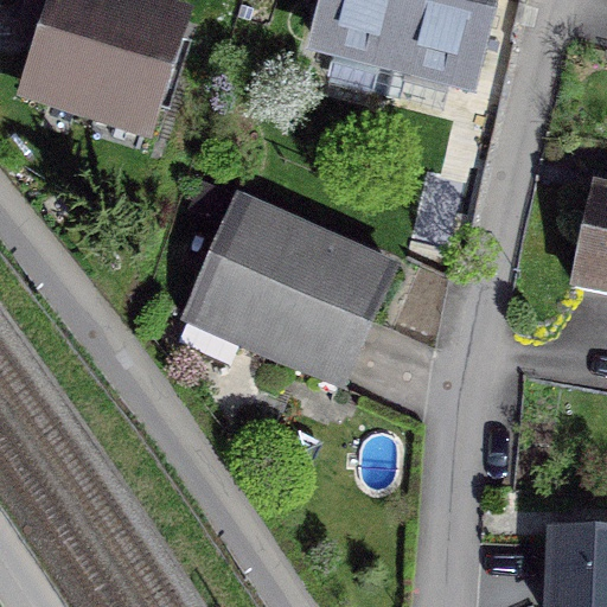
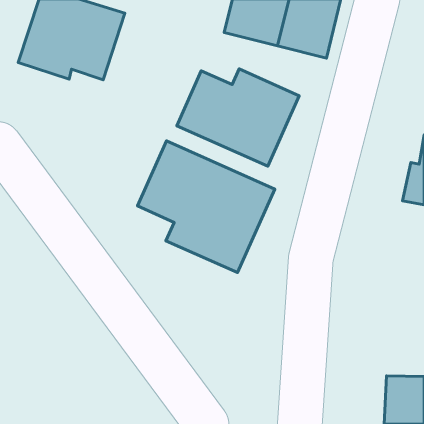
building: none -> [177,69,299,166]

